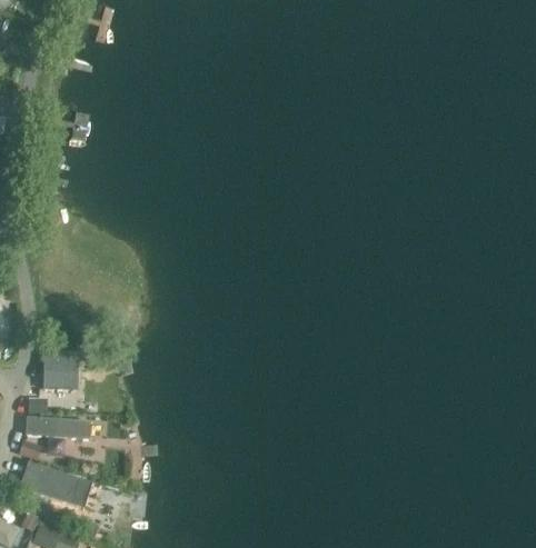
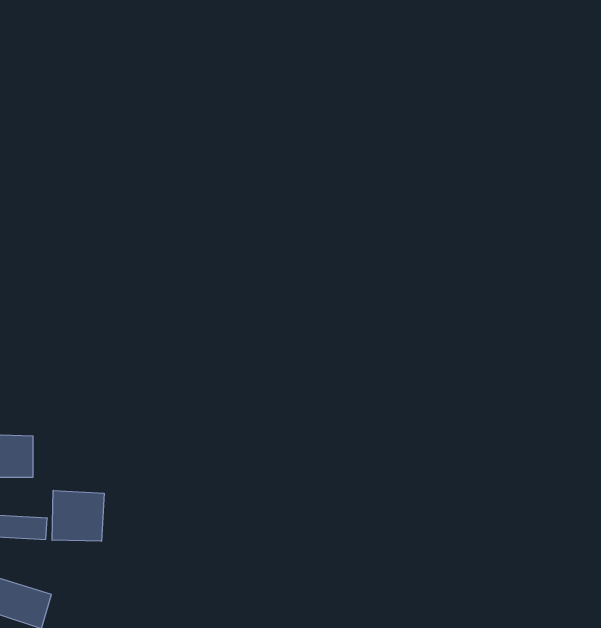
building: none -> [52,490,104,541]

